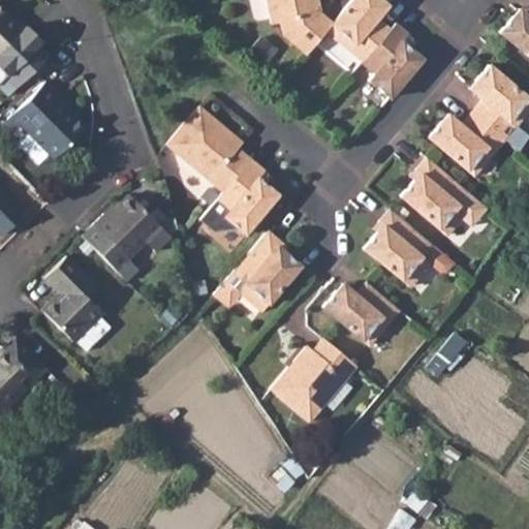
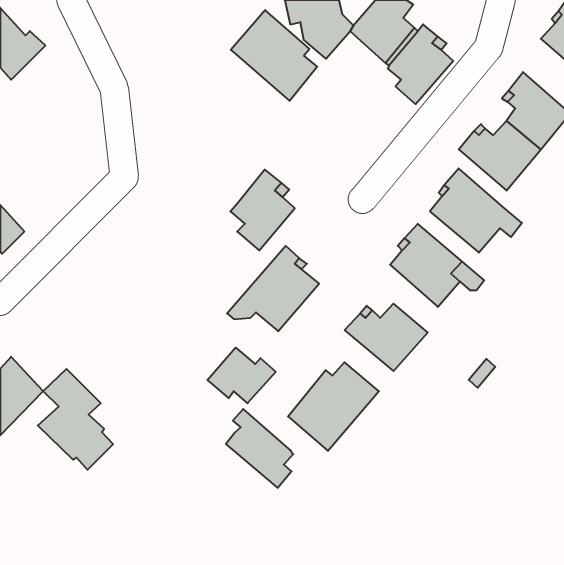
building: [14,85,88,160] -> none
building: [168,106,249,191] -> [231,10,317,101]
building: [84,195,162,282] -> none
building: [38,256,108,350] -> [38,369,113,470]
building: none -> [207,348,276,403]
building: none -> [226,409,293,488]

